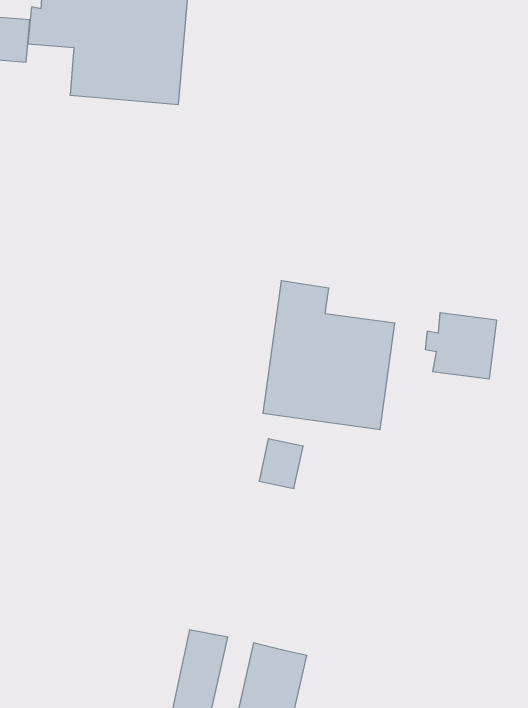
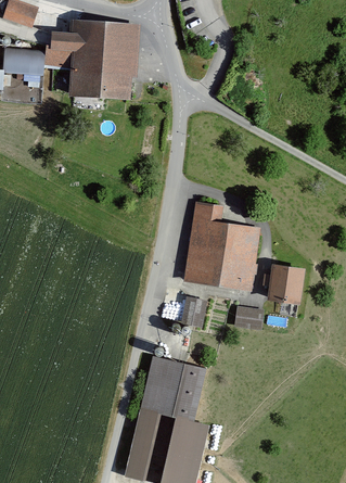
building: [425,313,497,379] -> [264,264,306,303]
building: none -> [233,307,262,331]
building: none -> [139,357,206,422]

